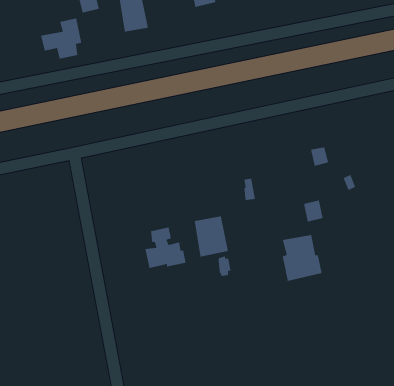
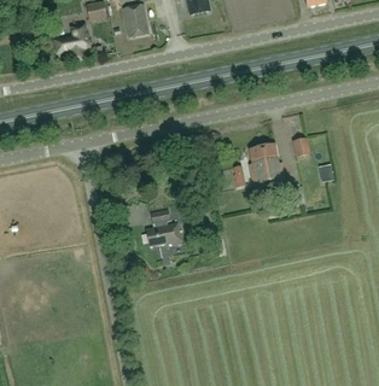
building: [194,215,229,257] -> none
building: [282,234,323,282] -> [247,144,284,186]

